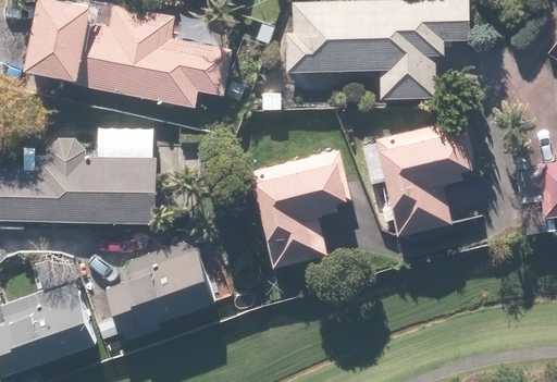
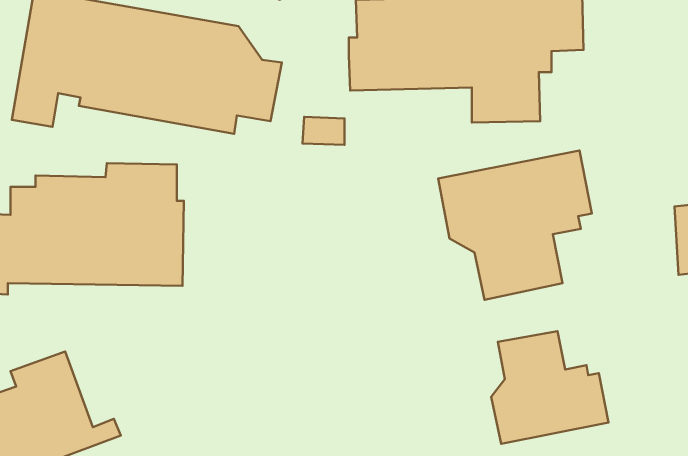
building: [246,149,351,269] -> none
building: [107,239,219,335] -> none
building: none -> [491,331,608,444]

